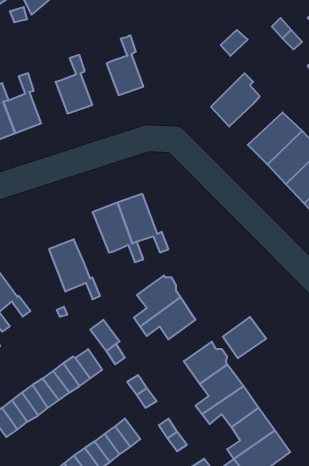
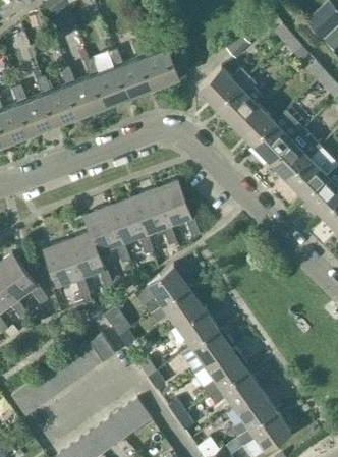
building: none -> [143,32,179,89]
building: none -> [94,50,130,106]
building: none -> [47,67,82,123]
building: none -> [199,67,248,108]
building: none -> [234,105,284,144]
building: none -> [153,179,201,235]
building: none -> [82,207,131,262]
building: none -> [43,241,90,297]
building: [223,317,266,358] -> [177,307,218,346]

